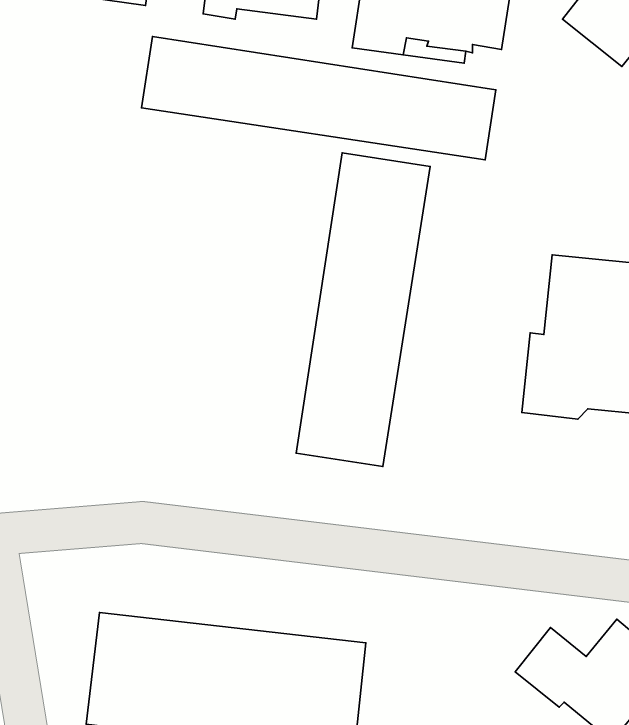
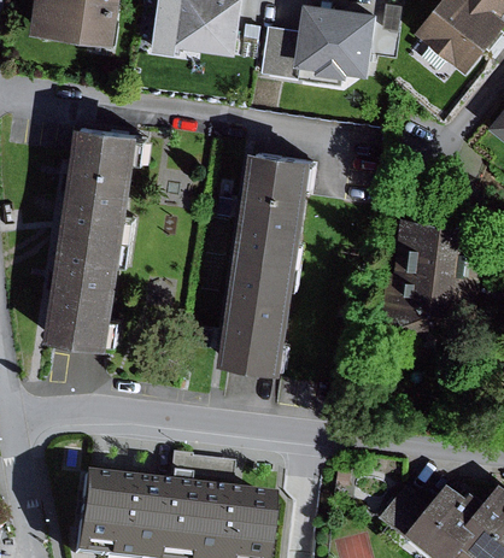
building: [141,37,496,160] -> none
building: none -> [46,123,140,346]

